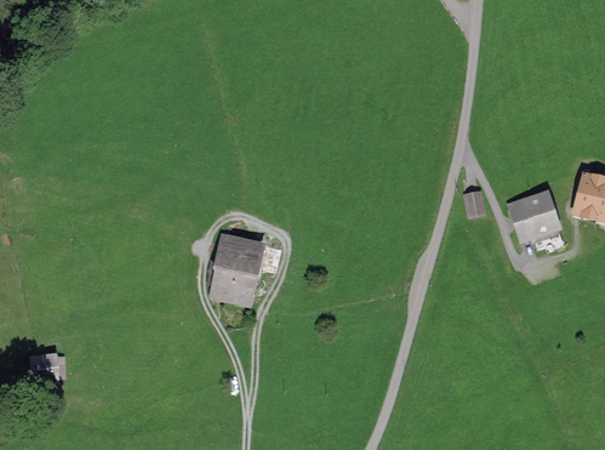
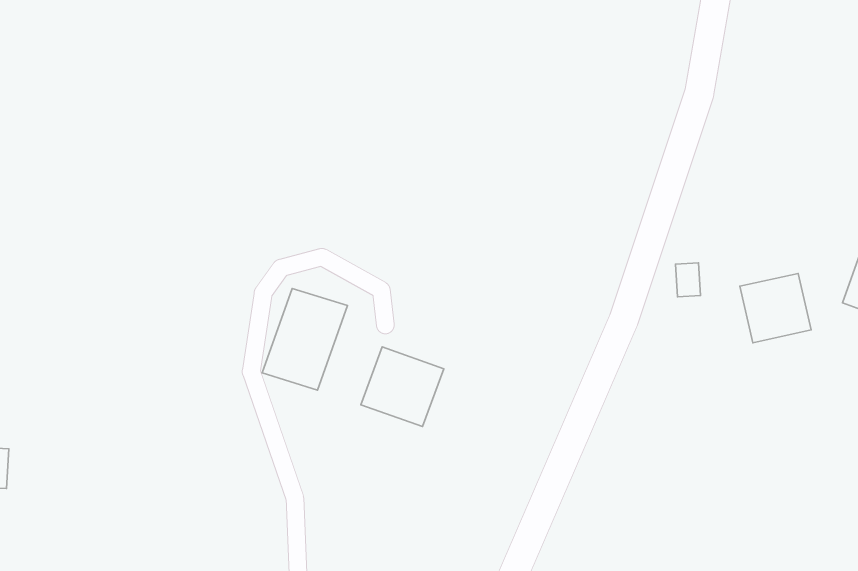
building: none -> [361,347,444,427]

